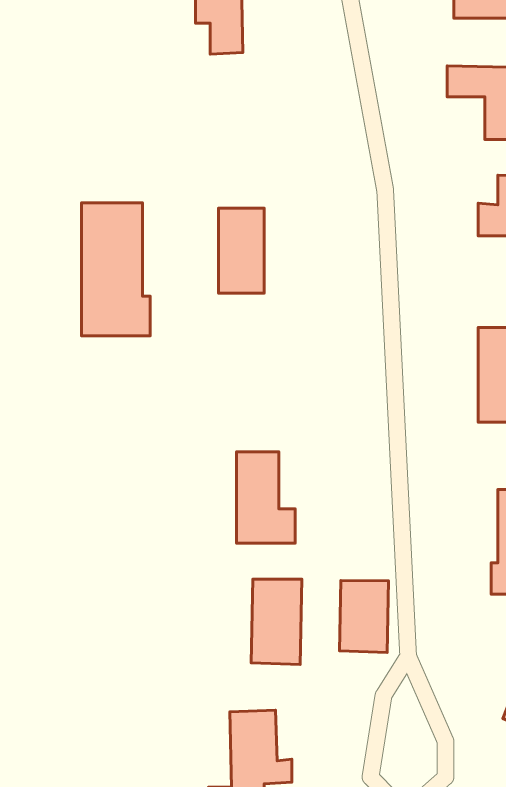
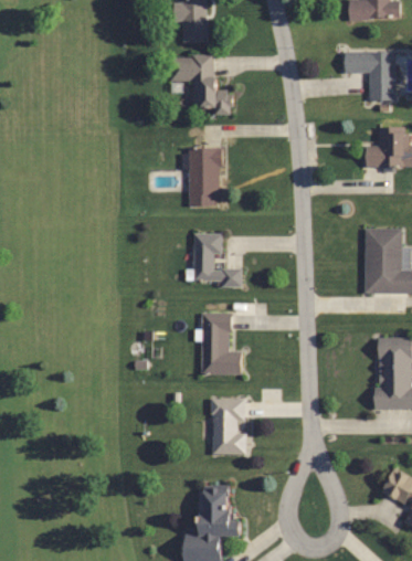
building: none -> [169,56,231,116]
building: [81,203,150,336] -> none
building: none -> [192,233,241,285]
building: [339,581,389,653] -> none

